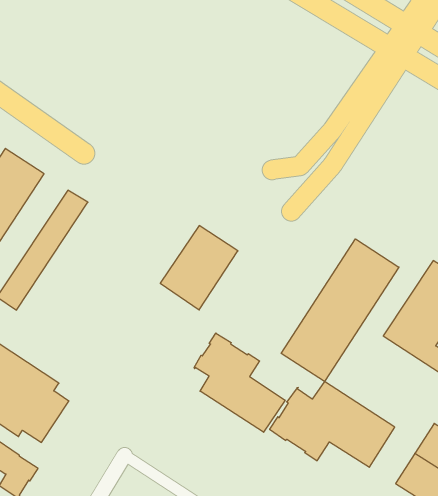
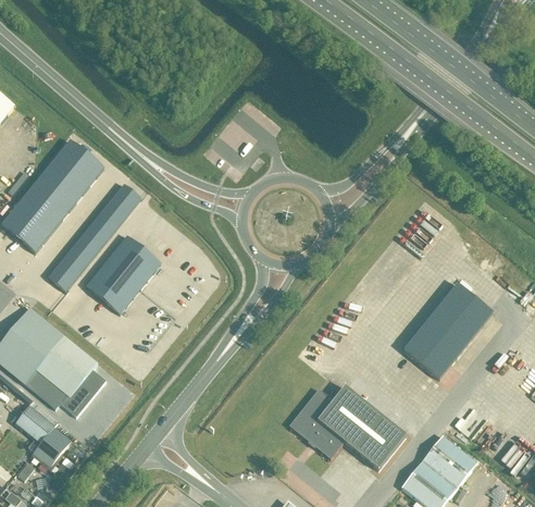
building: [160,226,238,310] -> [86,236,161,314]
building: [281,239,399,382] -> none
building: [194,333,285,432] -> none

